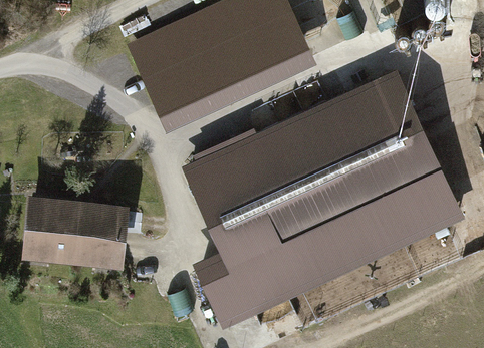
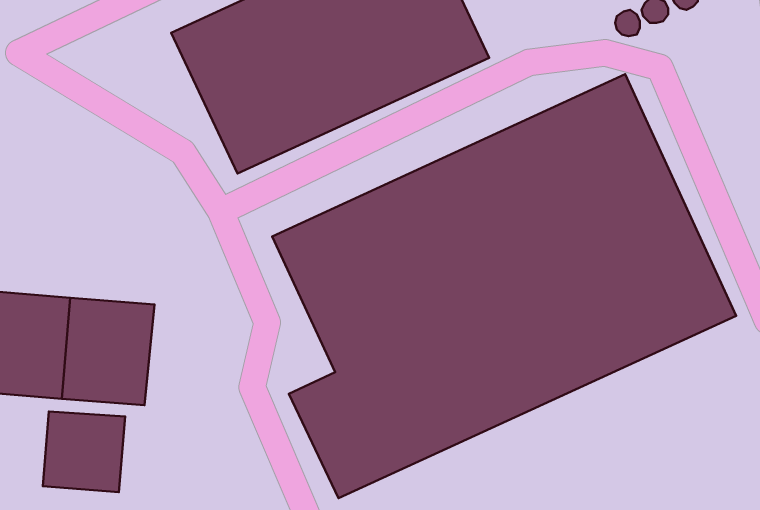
building: none -> [43,412,125,492]

